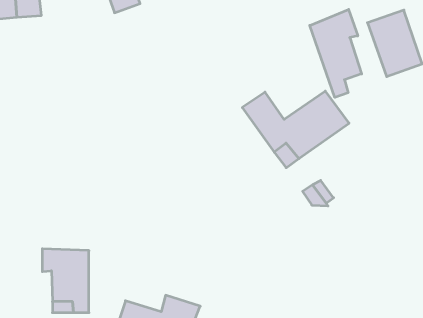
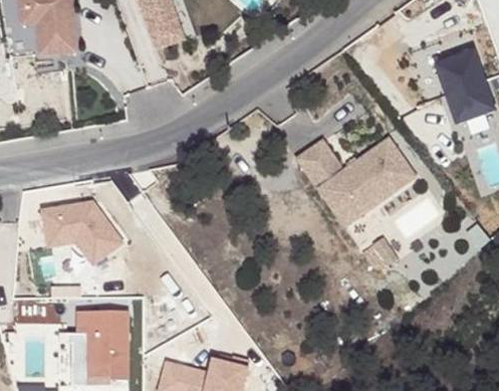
building: [310,9,362,97] -> none
building: none -> [47,207,131,270]

